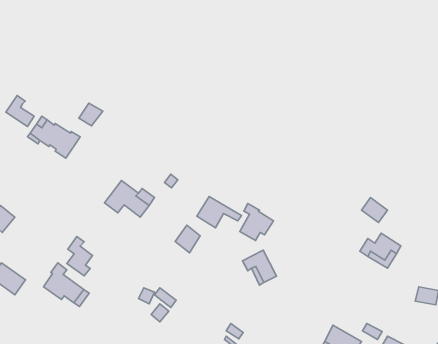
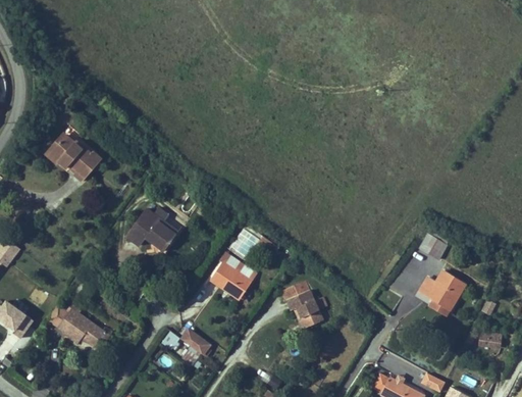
building: [6,95,34,126] -> none
building: [79,103,103,126] -> none
building: [240,203,273,241] -> none
building: none -> [224,271,251,300]
building: [67,237,92,276] -> none

